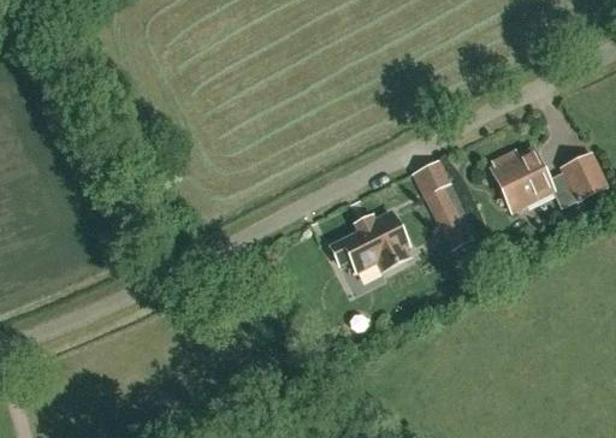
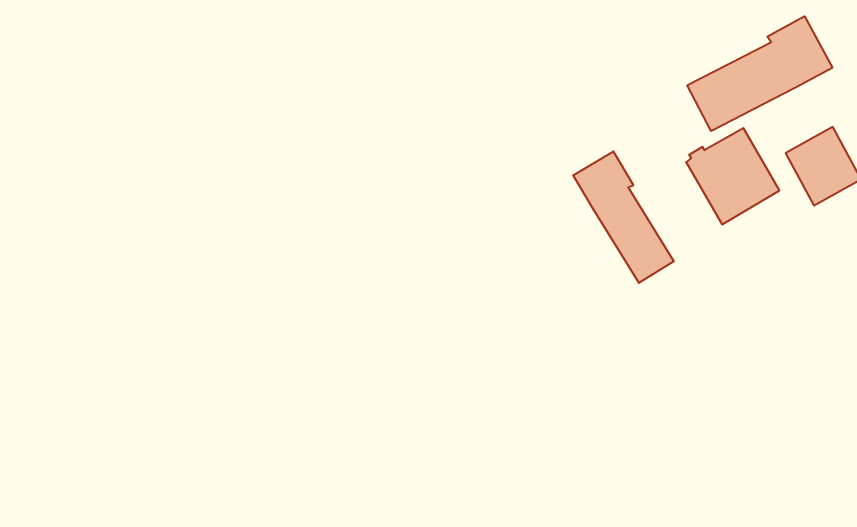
building: none -> [687,16,832,131]
building: [328,212,405,271] -> none

